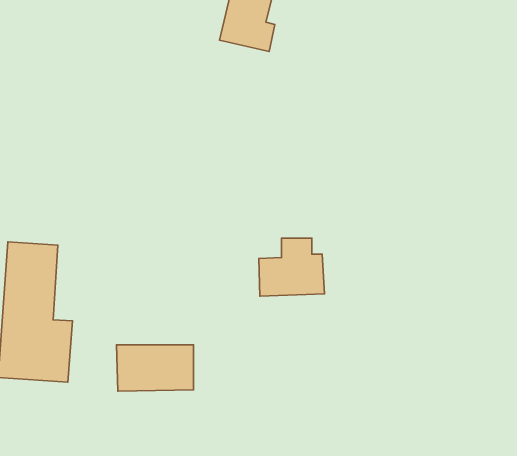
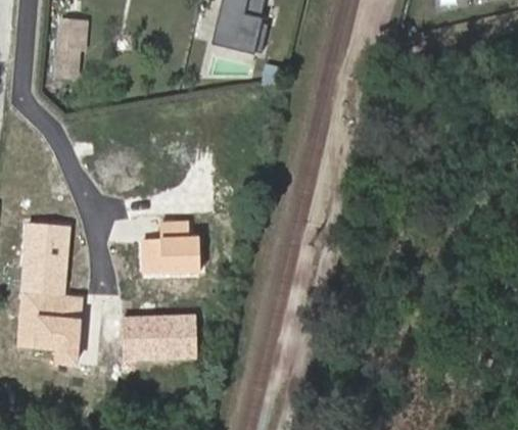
building: none -> [53,18,84,81]
building: [259,238,324,296] -> [139,222,198,274]

